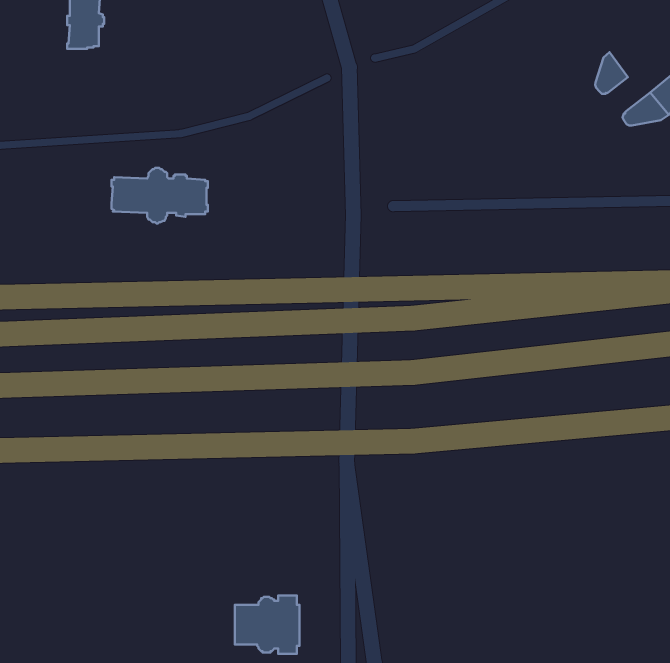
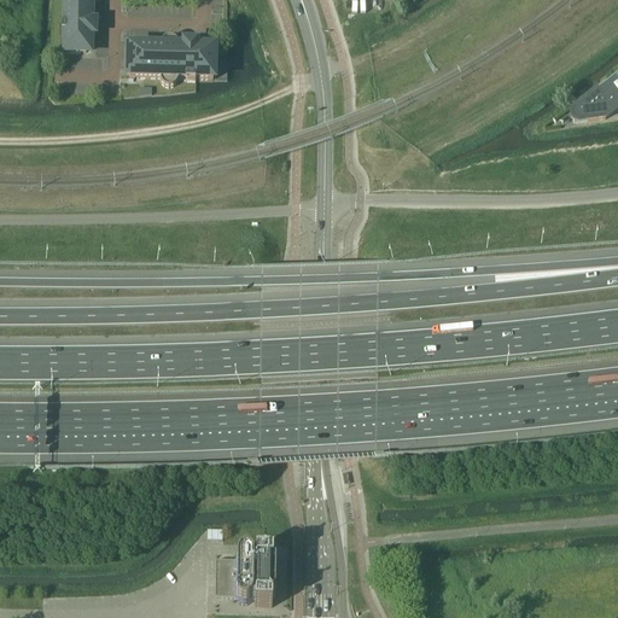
building: [595,52,628,94] -> none
building: [112,168,208,223] -> [130,29,218,80]

